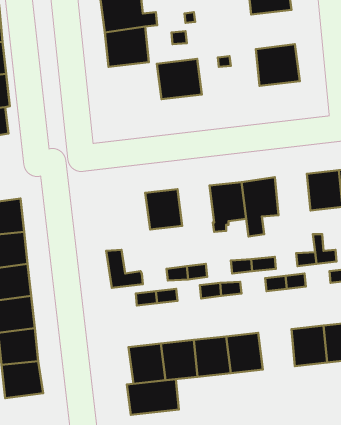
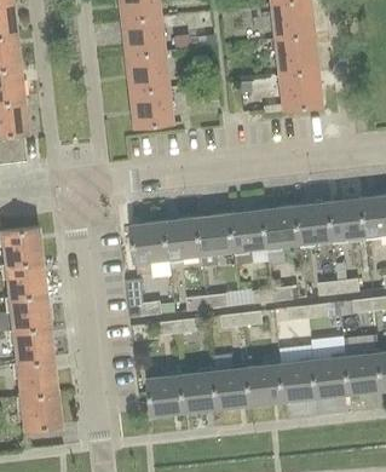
building: none -> [273,35,318,75]
building: [157,59,202,99] -> [128,88,174,129]
building: none -> [298,202,334,244]
building: none -> [198,214,236,255]
building: none -> [132,221,171,263]
building: none -> [280,346,318,402]
building: [127,379,179,415] -> none

